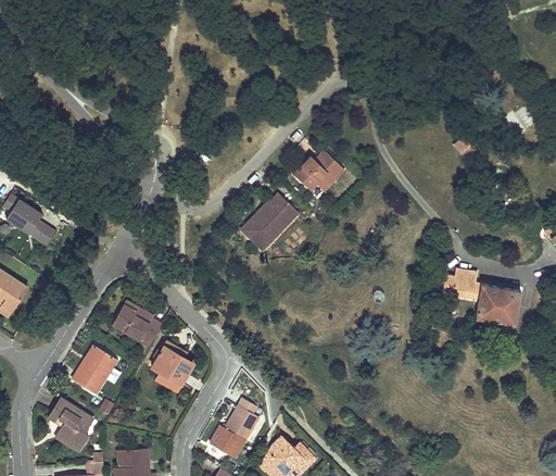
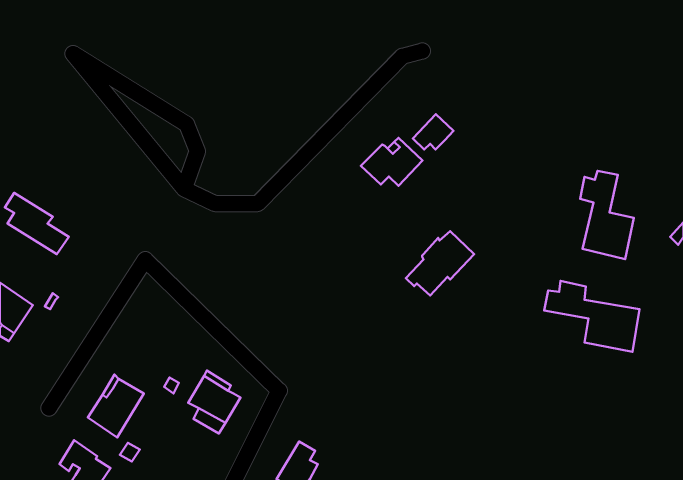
building: none -> [413,114,454,150]
building: none -> [580,171,634,259]
building: [243,195,299,247] -> [406,231,474,296]
building: [112,301,162,346] -> none

